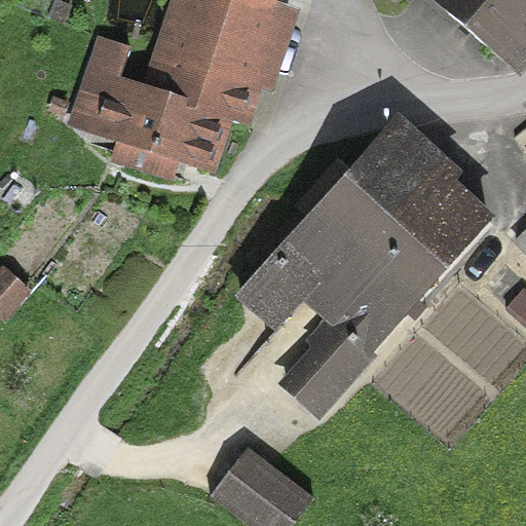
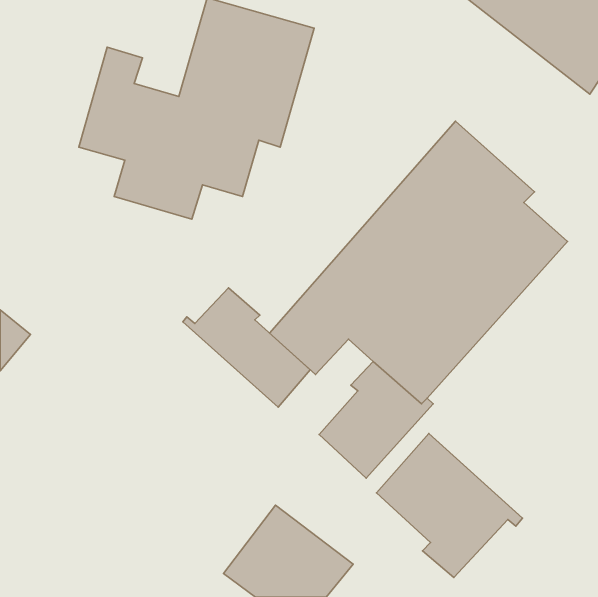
building: none -> [183,288,310,407]
building: none -> [376,434,522,577]

